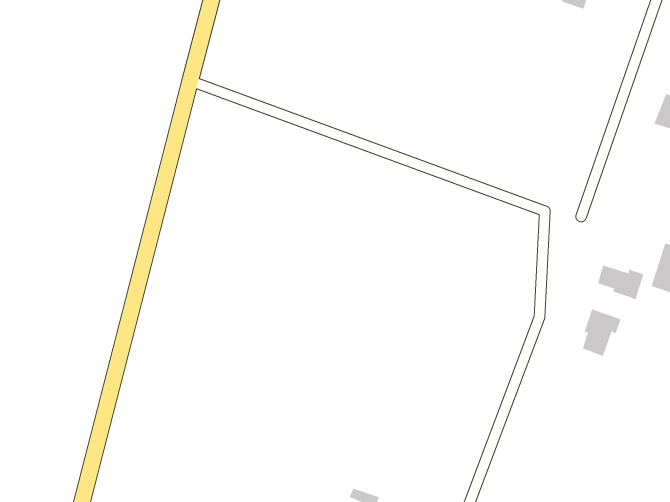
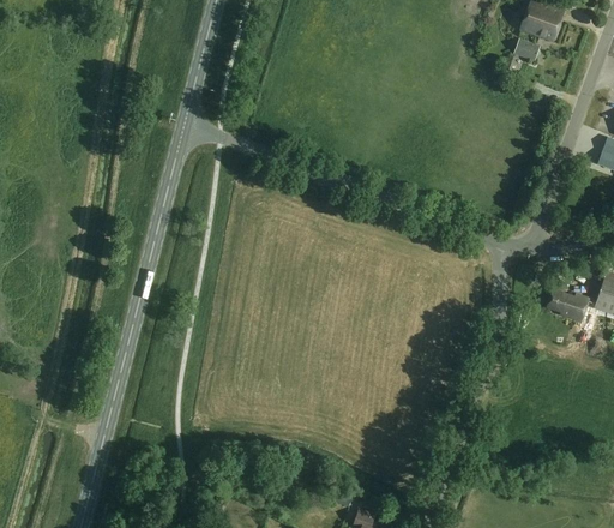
building: [582,309,621,357] -> none

